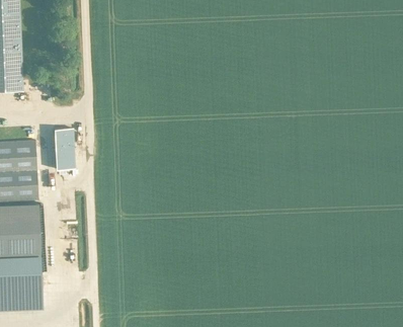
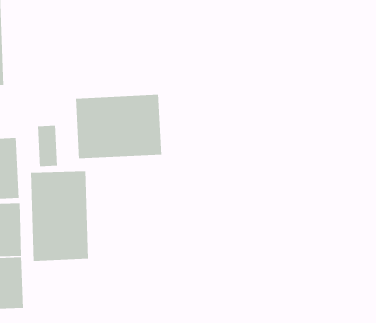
building: none -> [75,94,162,159]
building: none -> [30,170,89,262]

